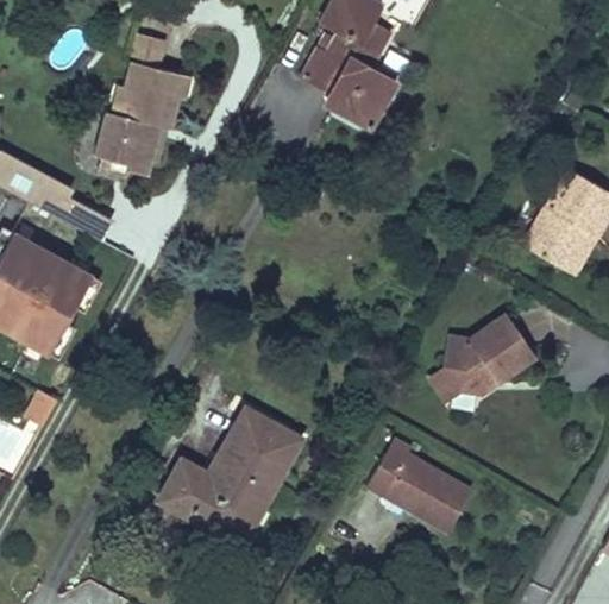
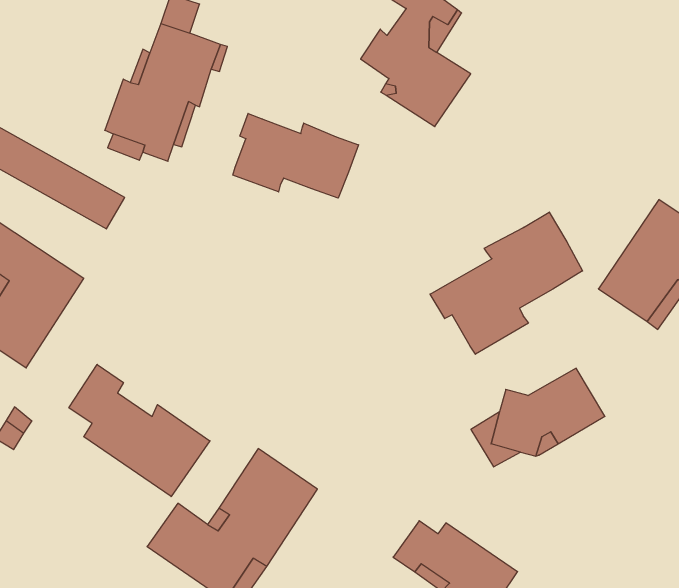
building: none -> [233,113,359,198]
building: none -> [430,212,583,354]
building: none -> [69,364,210,497]

